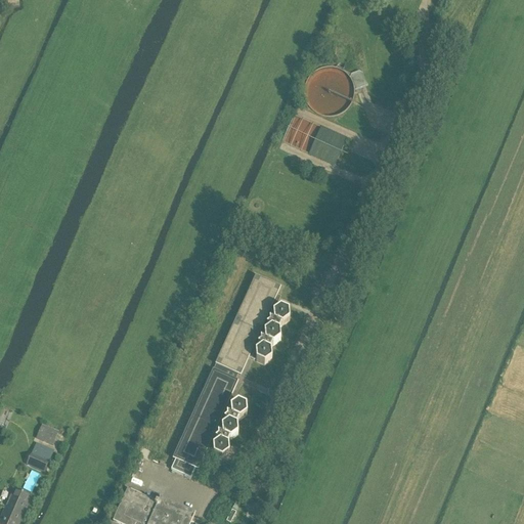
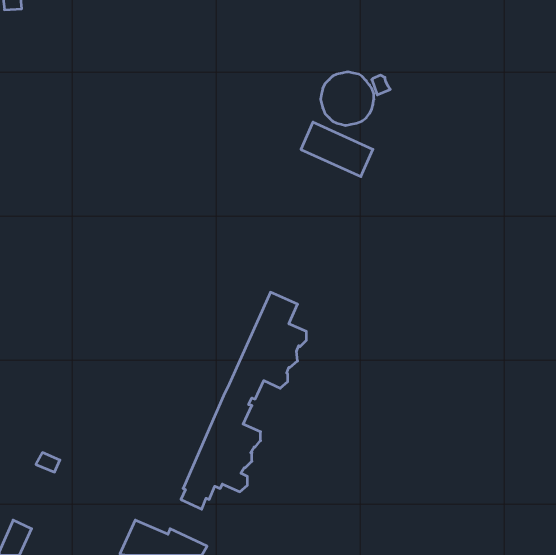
building: [26,442,51,471] -> none

